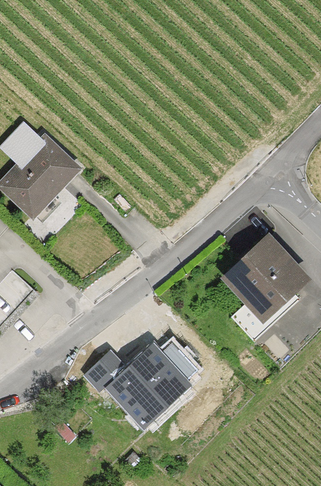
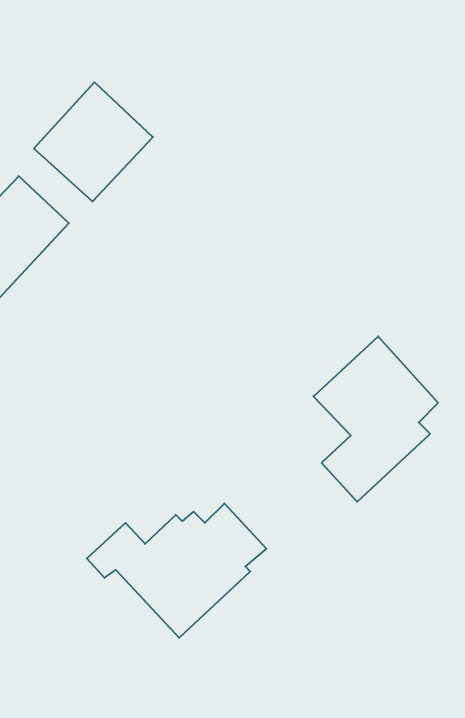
building: none -> [34,82,153,202]

